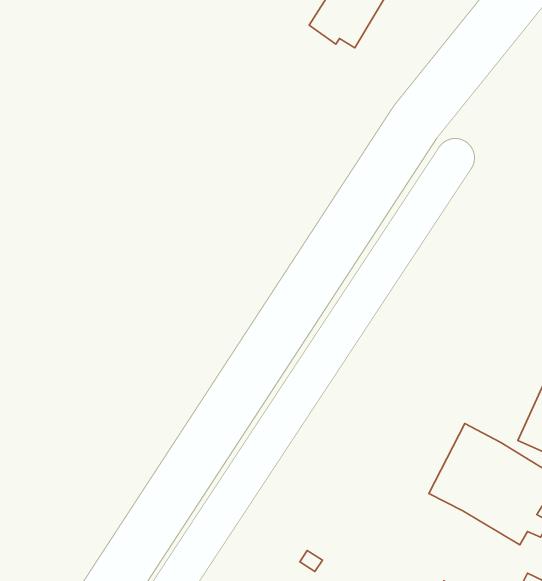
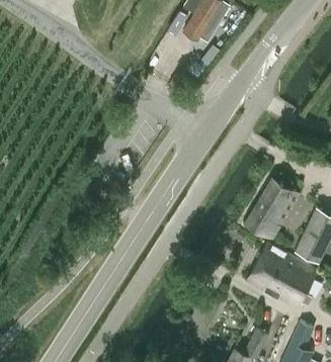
building: none -> [244,179,298,240]

